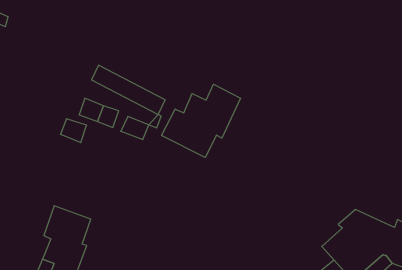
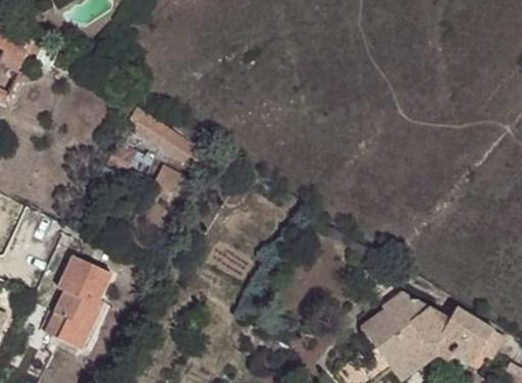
building: [162,84,241,157] -> none

